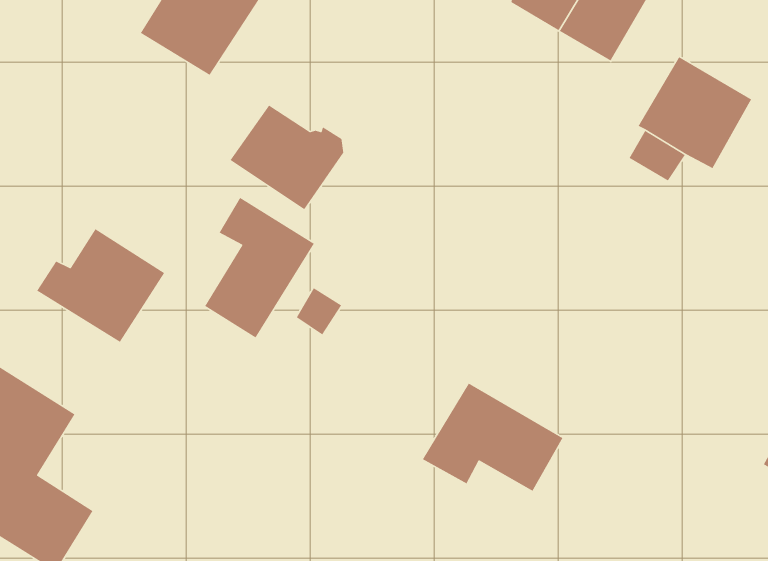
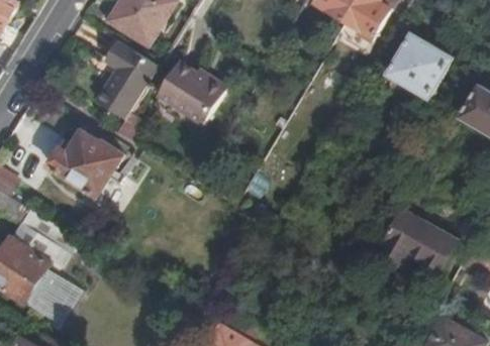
building: [204,197,315,338] -> [95,39,158,119]
building: [422,382,563,492] -> [377,211,457,272]

